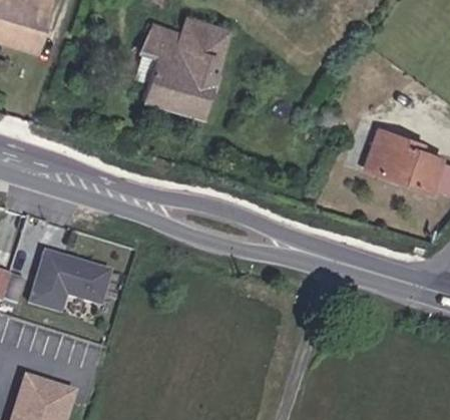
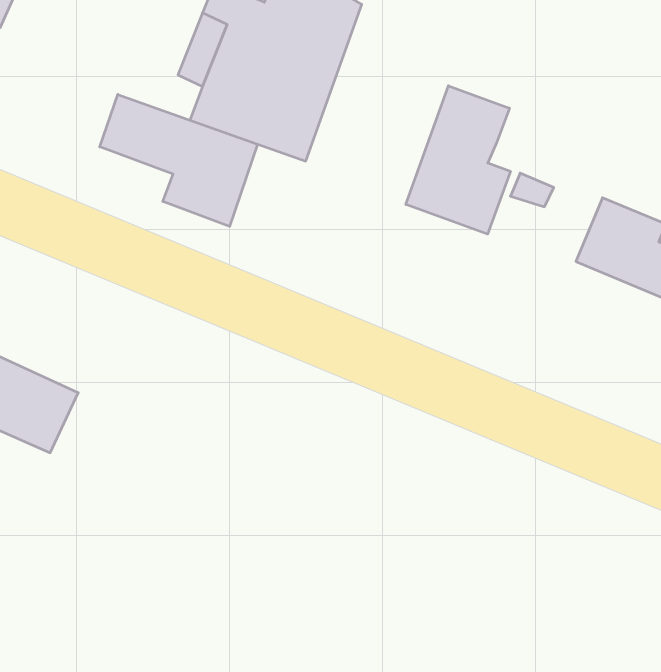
building: none -> [406,86,510,234]
building: none -> [100,94,257,226]

